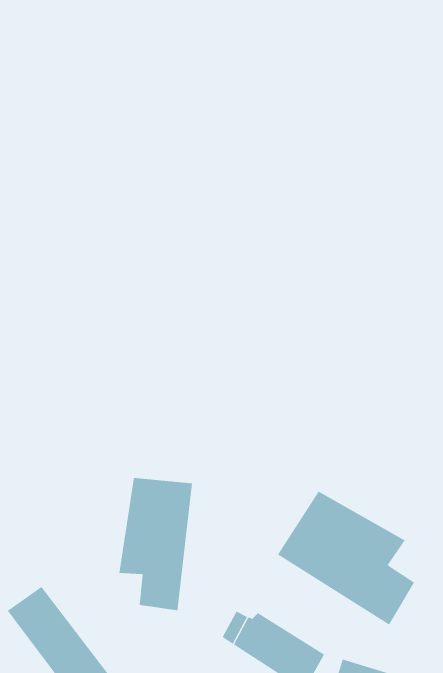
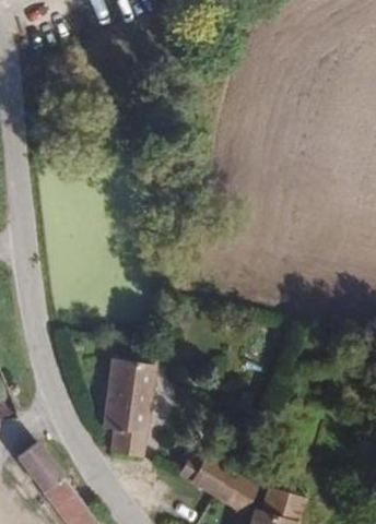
building: [277,491,415,625] -> none

